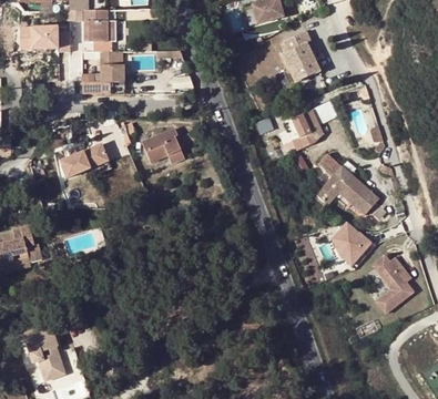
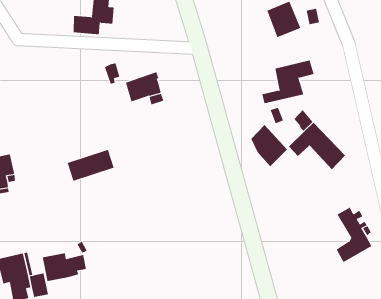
building: [63,141,113,177] -> [67,149,115,181]
building: [332,221,371,265] -> [250,124,288,167]
building: none -> [42,253,87,282]

